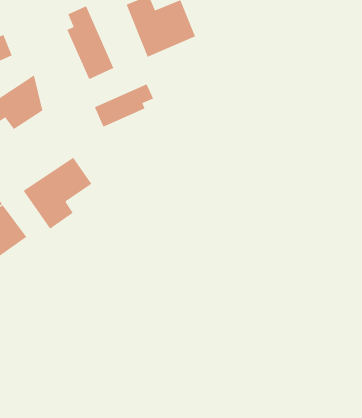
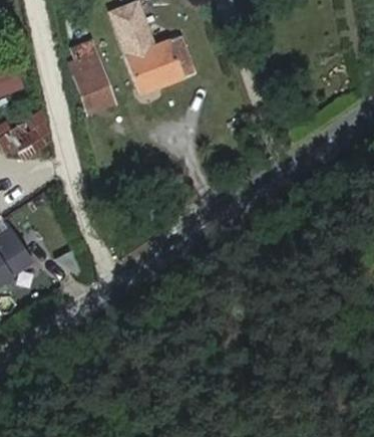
building: [94,83,154,127] -> none
building: [23,157,92,230] -> none

